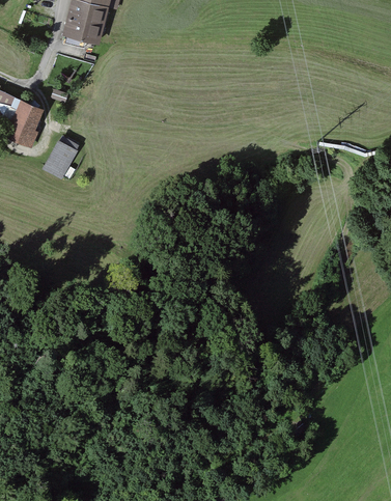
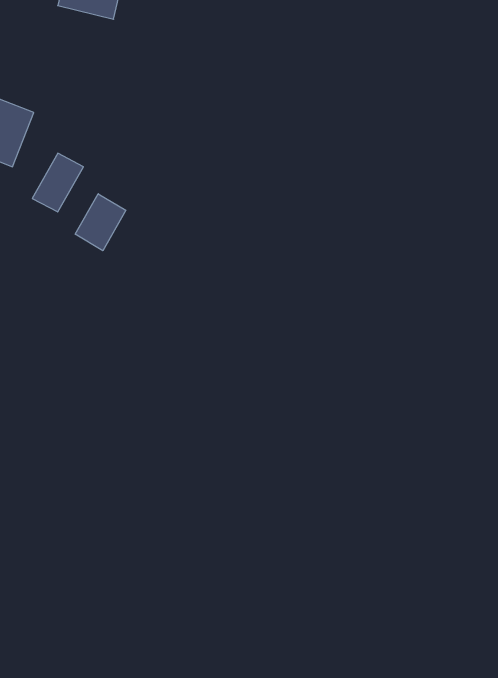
building: none -> [75,194,126,251]

